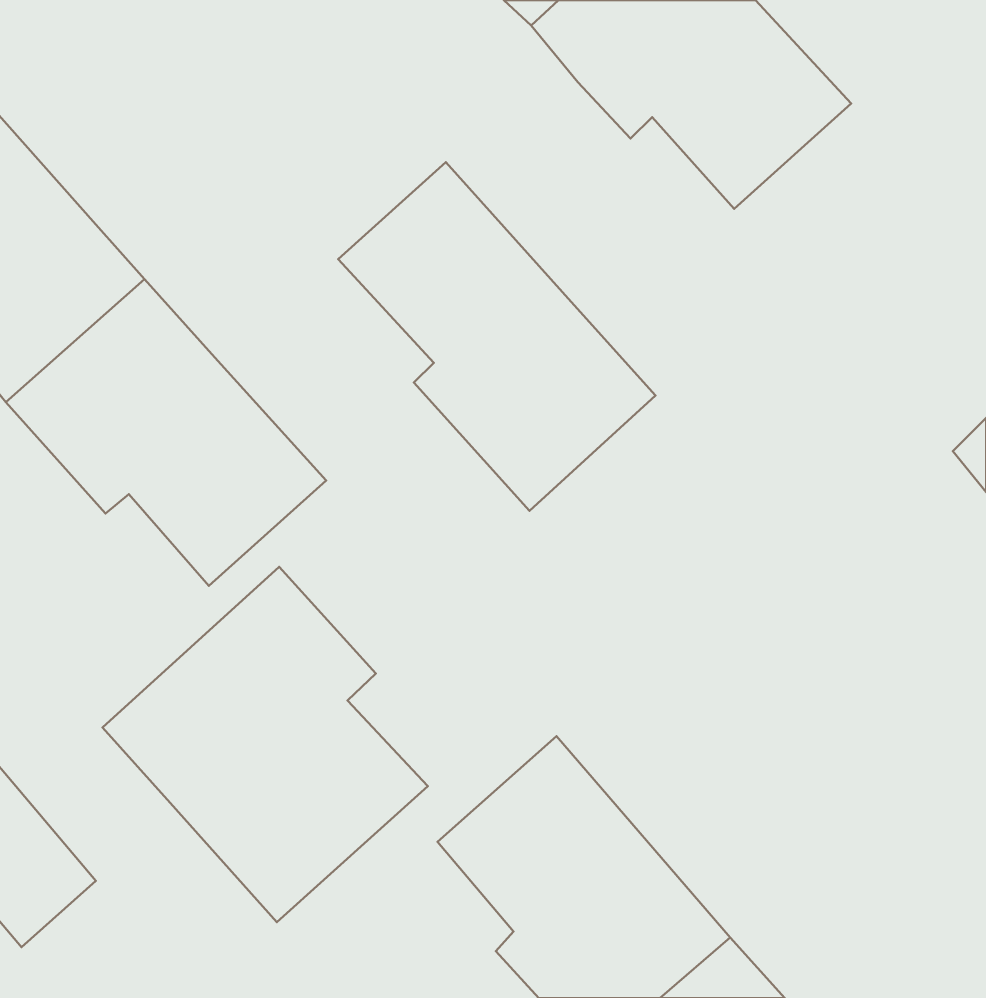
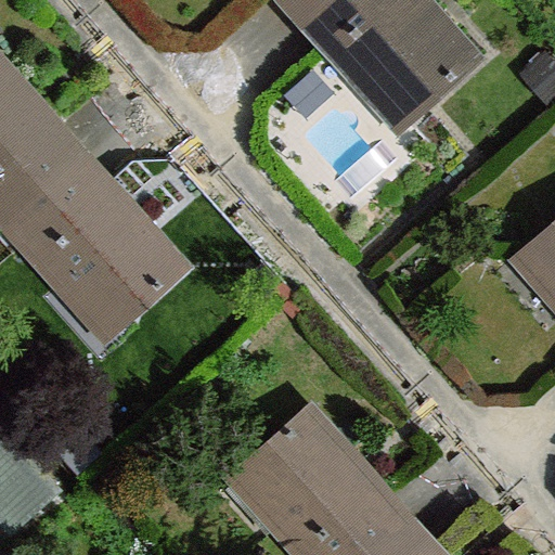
building: [338,162,655,511] -> none
building: [102,567,428,922] -> none

